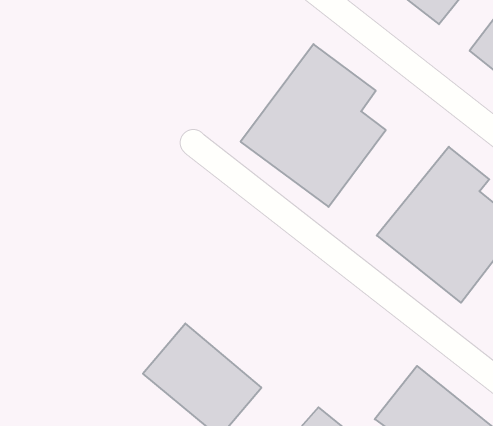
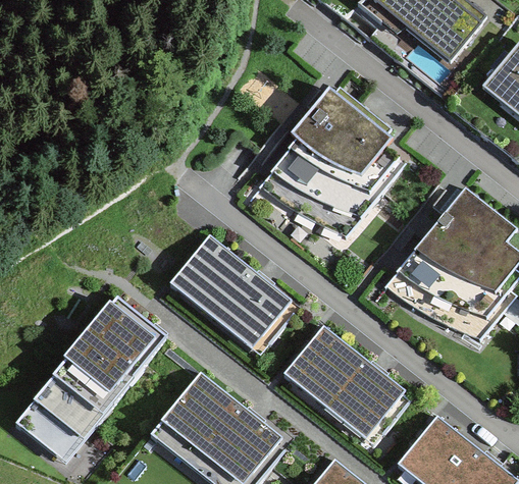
building: none -> [167,234,290,351]
building: none -> [14,297,164,463]
building: none -> [280,324,402,441]

